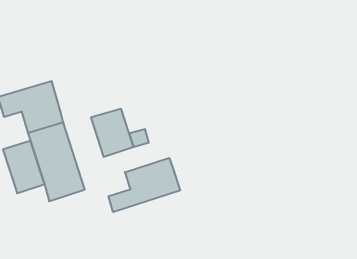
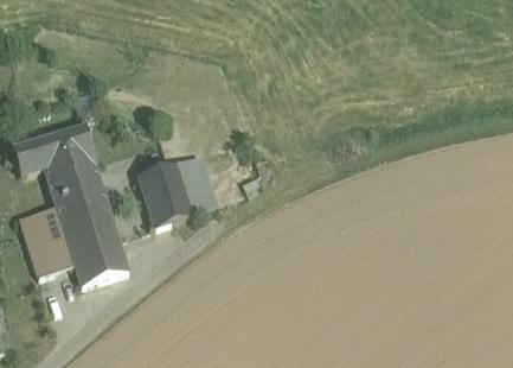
building: none -> [177,154,209,195]
building: [109,158,180,212] -> none

